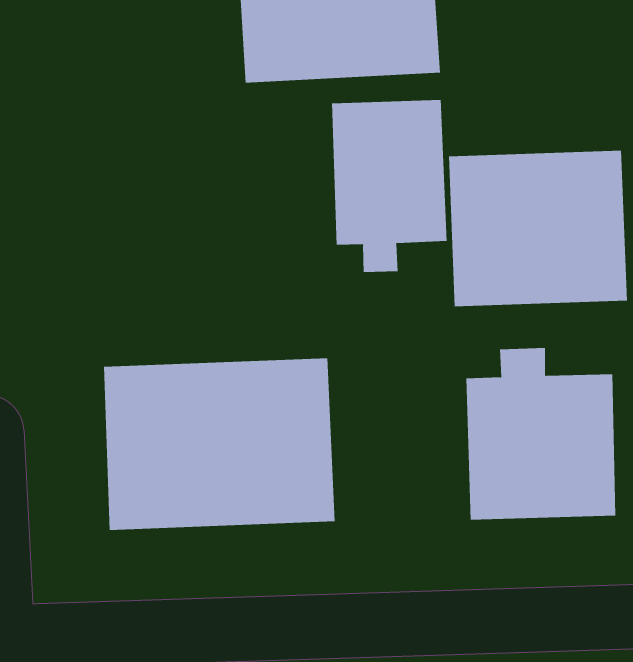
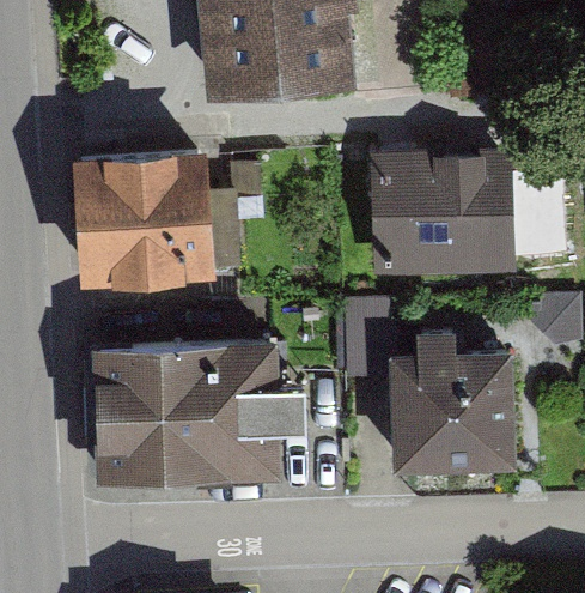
building: [332,99,447,273] -> none
building: none -> [74,159,214,291]

